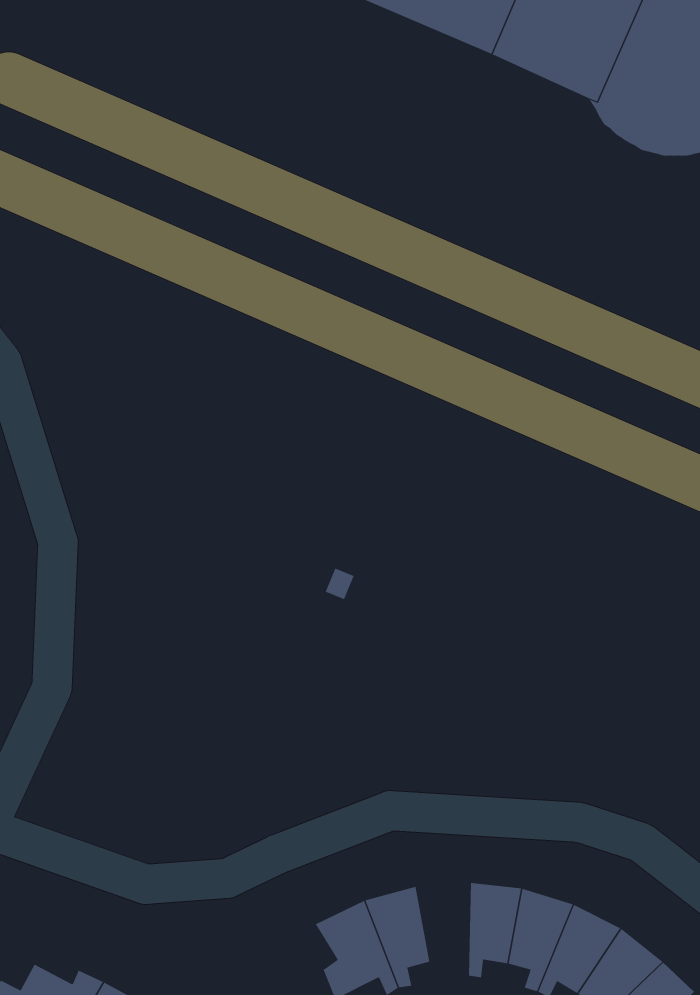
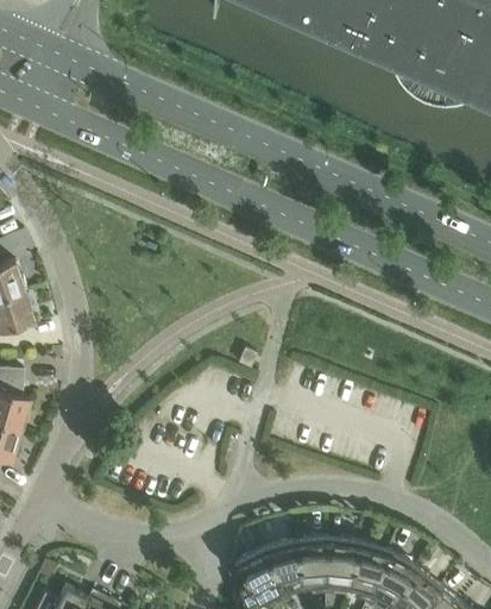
building: none -> [294,538,326,595]

